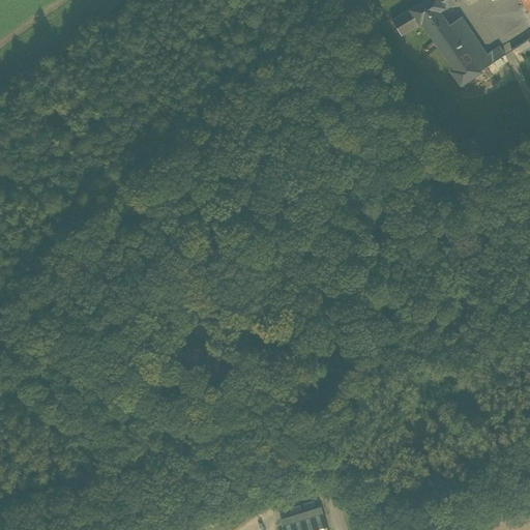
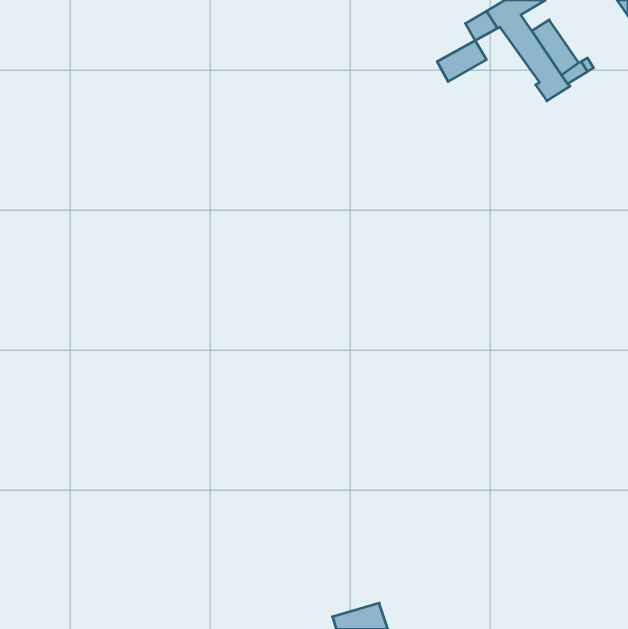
building: none -> [437,41,486,82]

